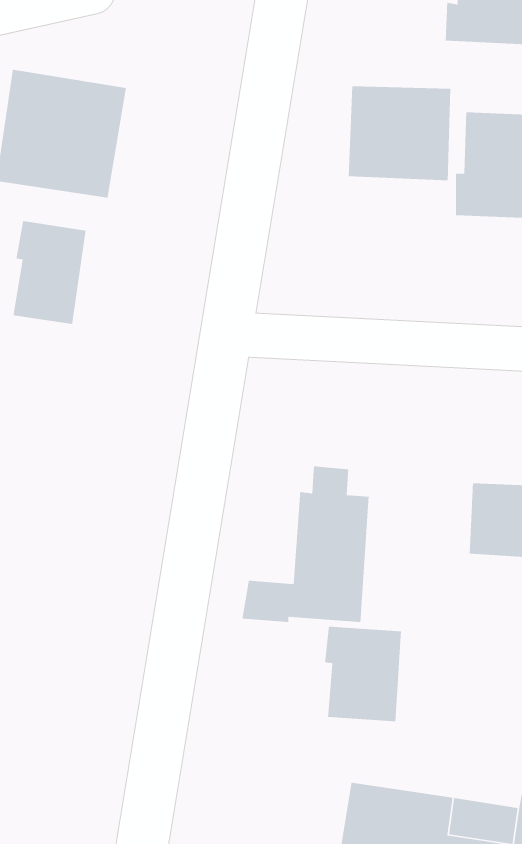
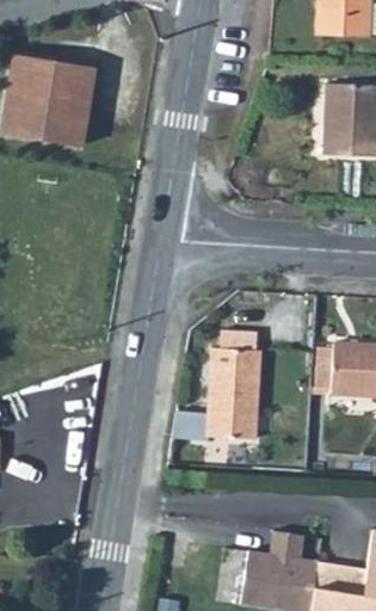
building: [348,86,451,181] -> none
building: [13,220,87,325] -> none
building: [324,626,402,722] -> none

